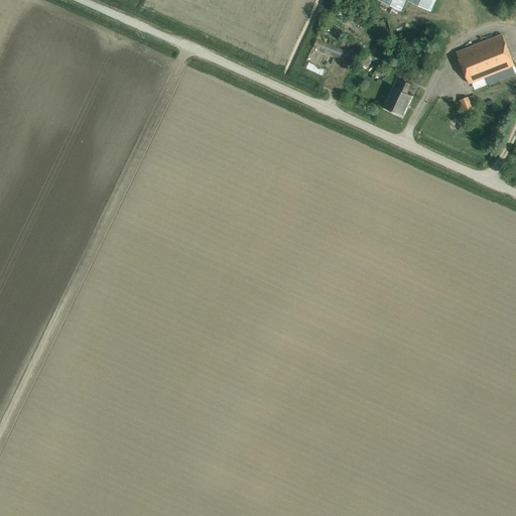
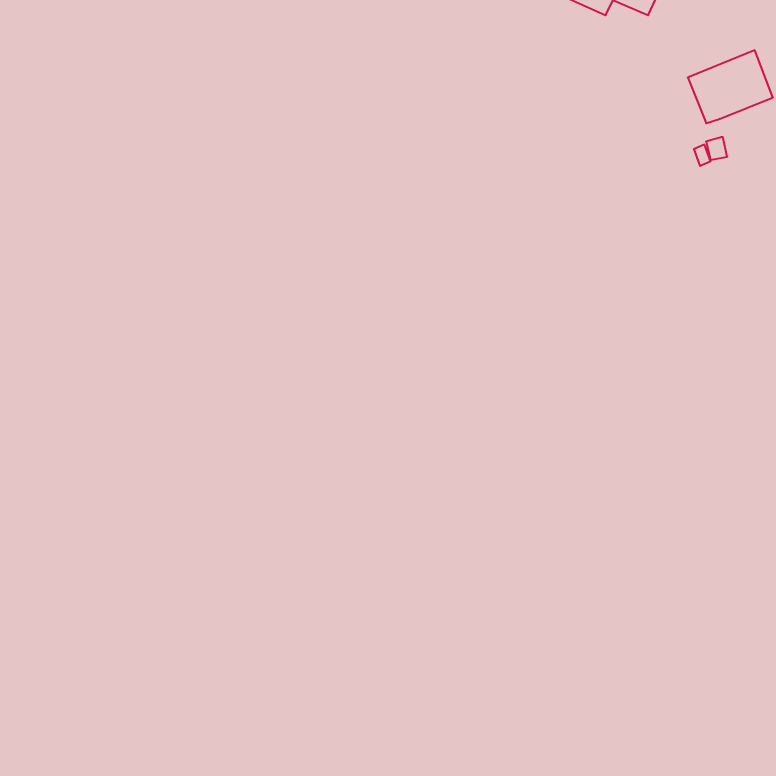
building: [382,79,410,115] -> none

